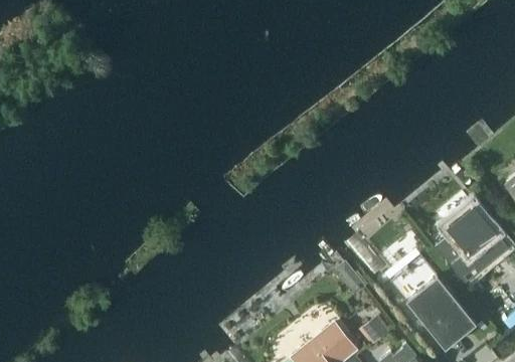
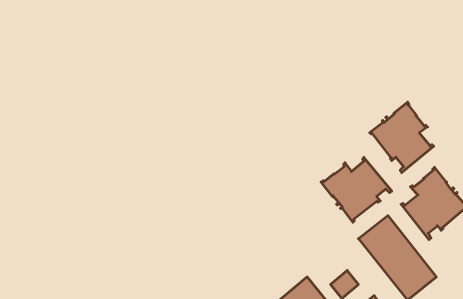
building: none -> [370,102,434,173]
building: none -> [321,157,392,222]

